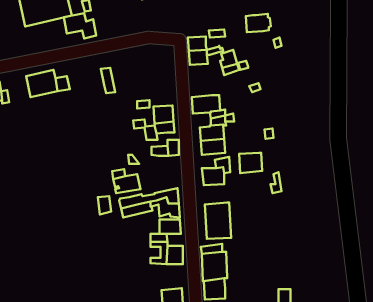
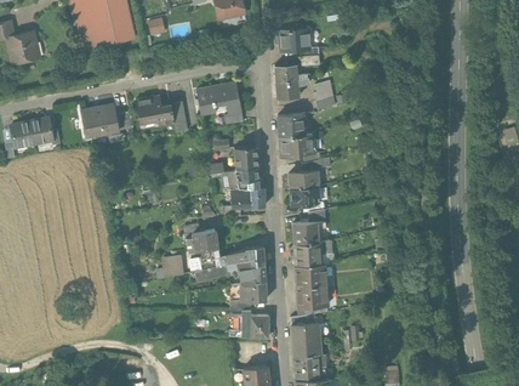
building: [64,13,96,39] -> [135,96,173,126]
building: [246,14,271,32] -> [279,29,309,51]
building: none -> [195,83,241,115]
building: none -> [278,114,303,137]
building: [239,153,262,173] -> [293,242,321,266]

